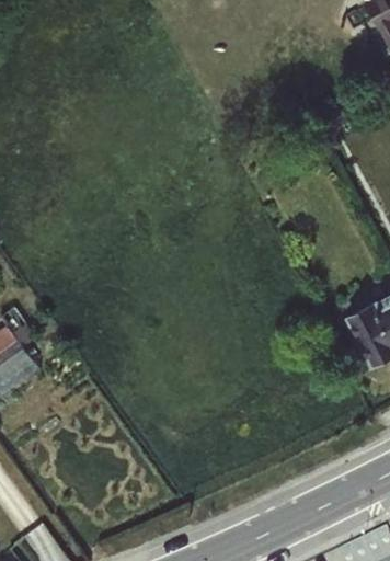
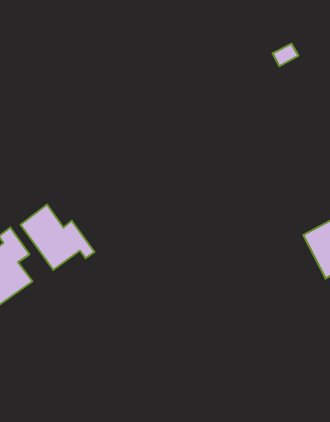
building: none -> [21,205,95,270]

